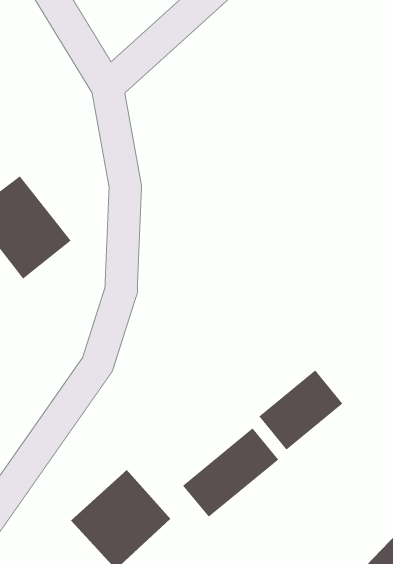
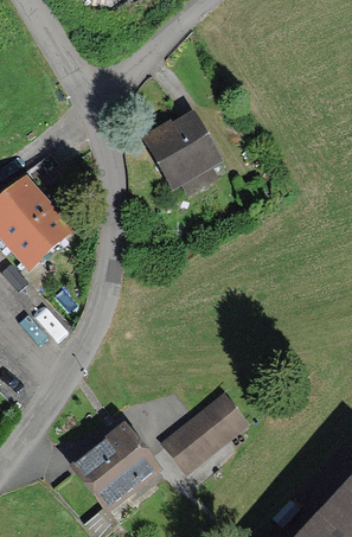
building: none -> [145,114,219,190]
building: [258,370,343,451] -> none

